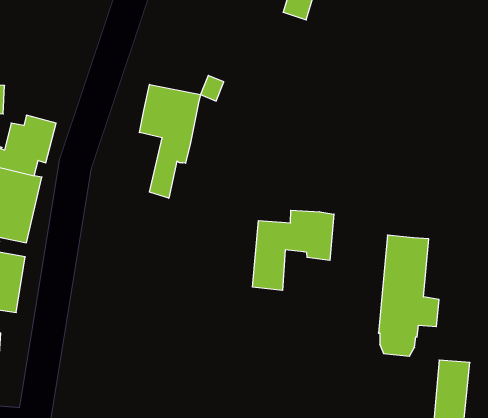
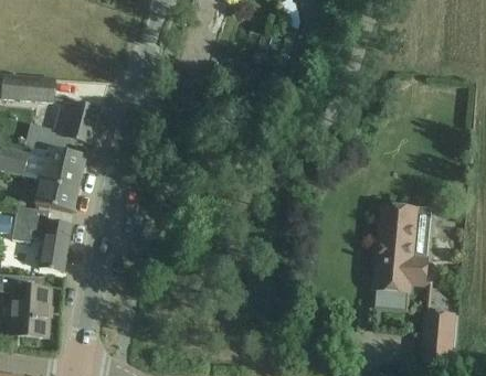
building: [139,84,201,198] -> none
building: [253,210,334,290] -> none

